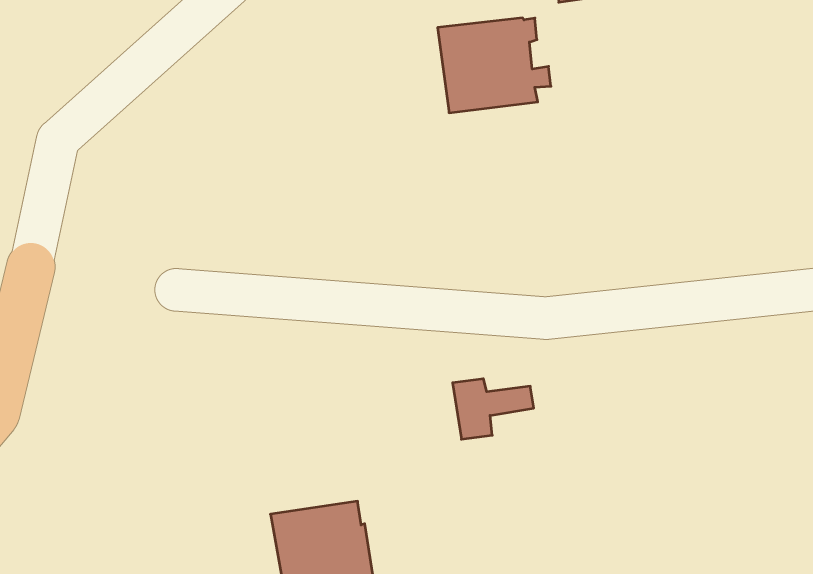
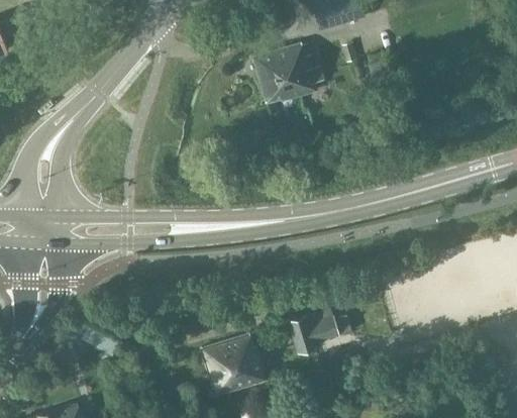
building: [453,379,534,439] -> [289,315,337,351]

